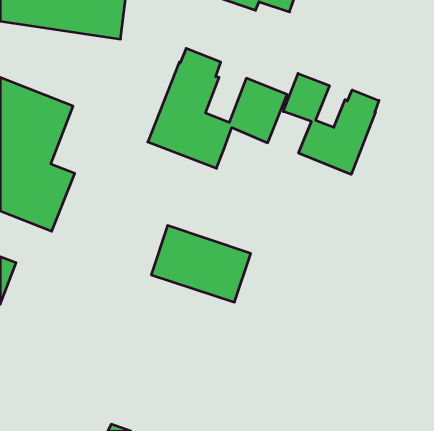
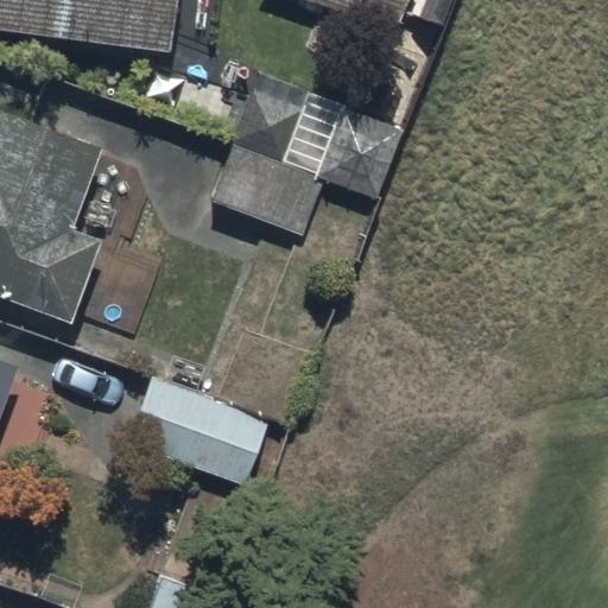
building: [283,73,379,174] -> none
building: [151,226,251,302] -> [128,376,267,483]

